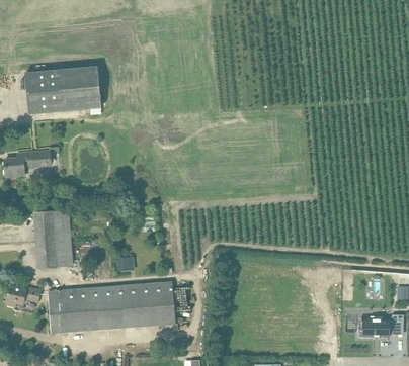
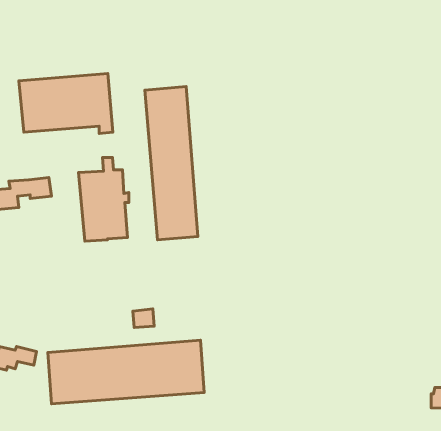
building: none -> [145,87,198,240]
building: [33,200,74,268] -> [79,157,129,241]

